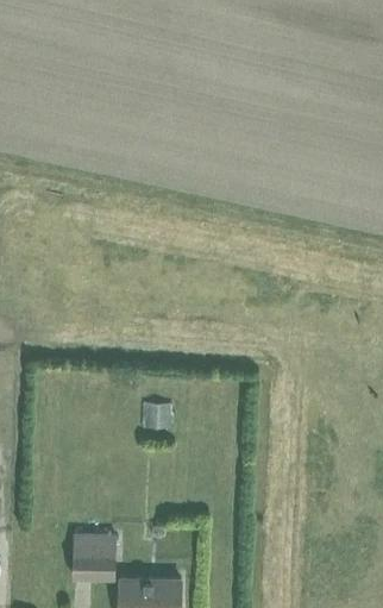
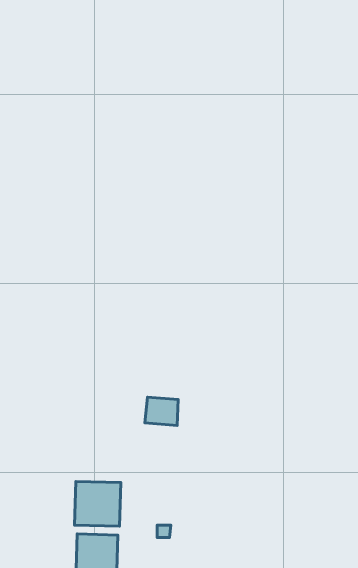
building: none -> [75,481,121,526]

